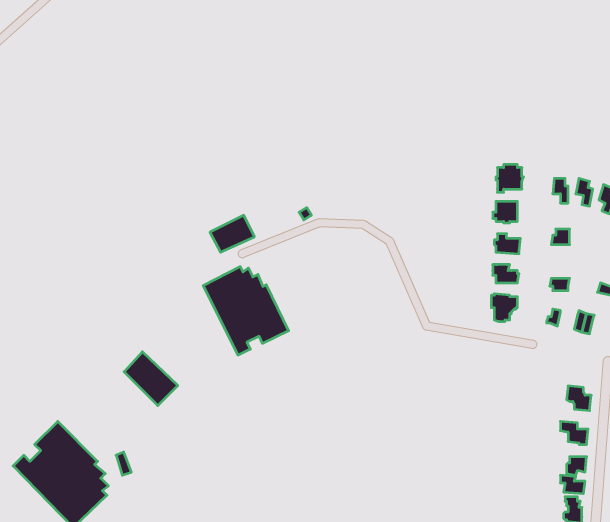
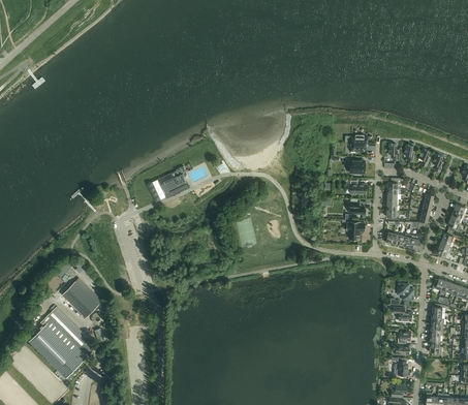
building: [203,267,289,355] -> none
building: [124,352,178,406] -> [63,282,99,318]

